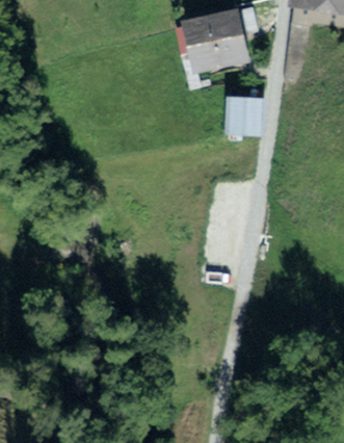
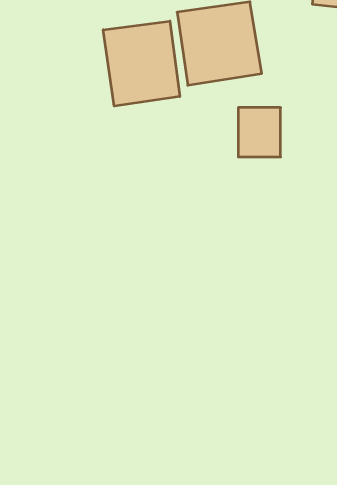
building: none -> [103,21,180,106]

